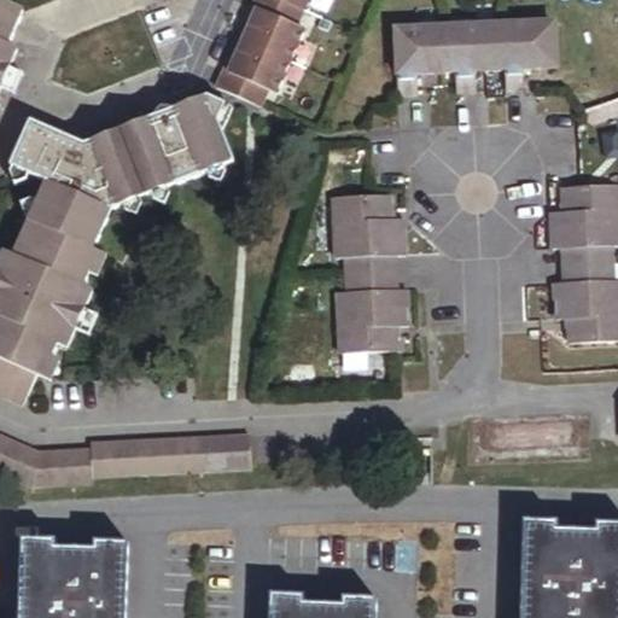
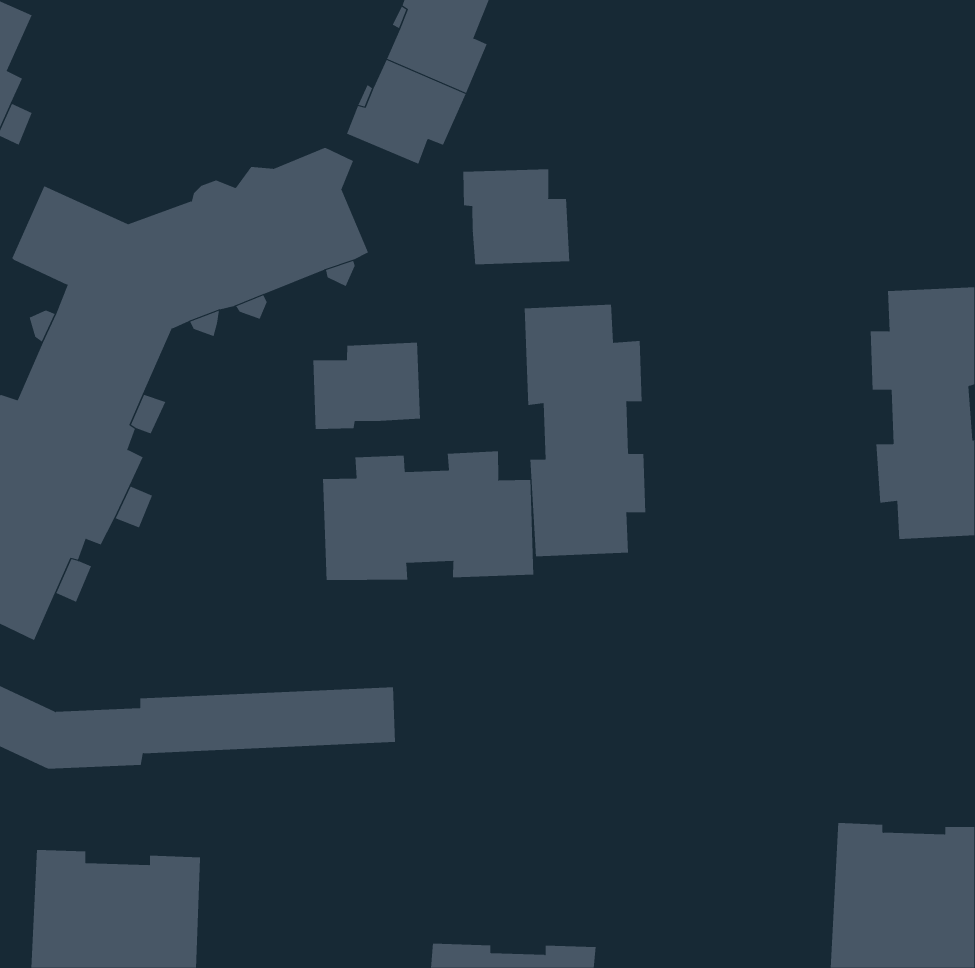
building: [393,17,556,92] -> none
building: none -> [463,168,570,265]
building: none -> [313,342,421,430]
building: none -> [323,451,534,581]

